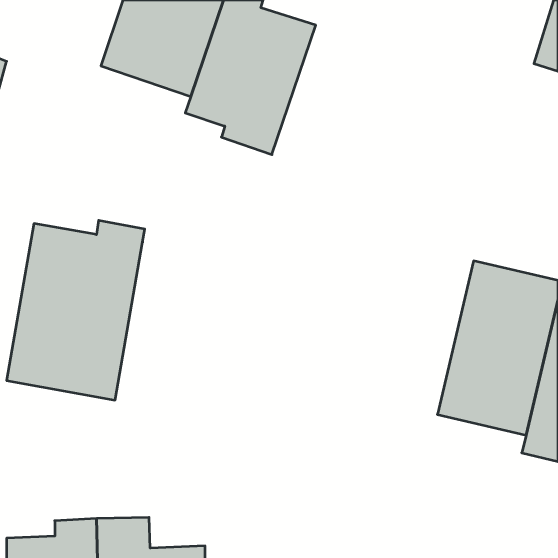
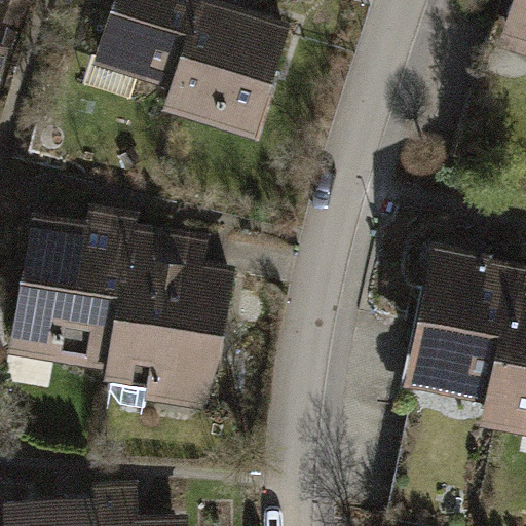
building: none -> [108,229,238,419]

